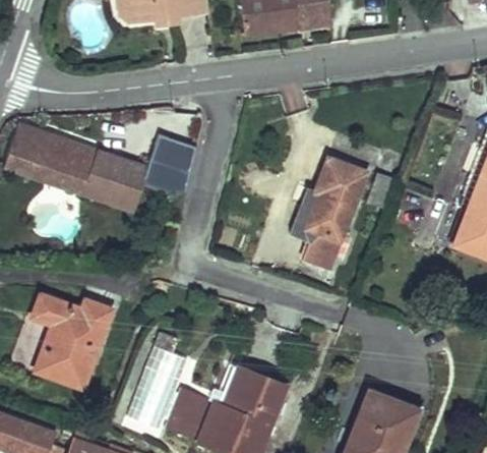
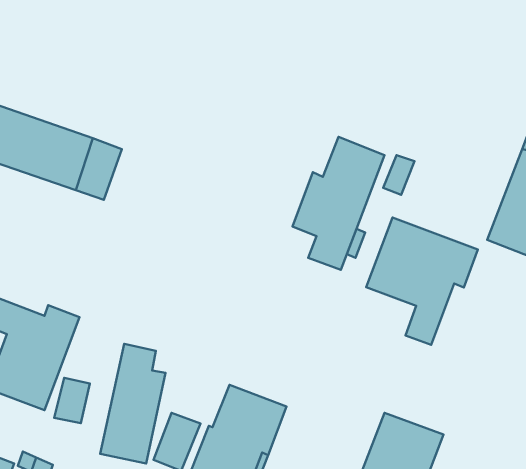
building: [141,134,196,196] -> none
building: none -> [366,217,478,345]
building: none -> [54,378,90,423]

